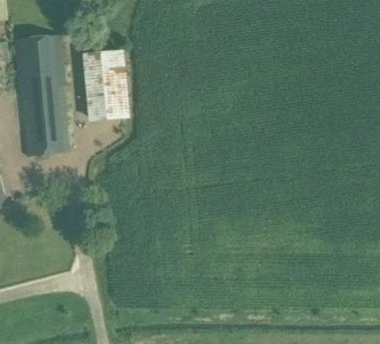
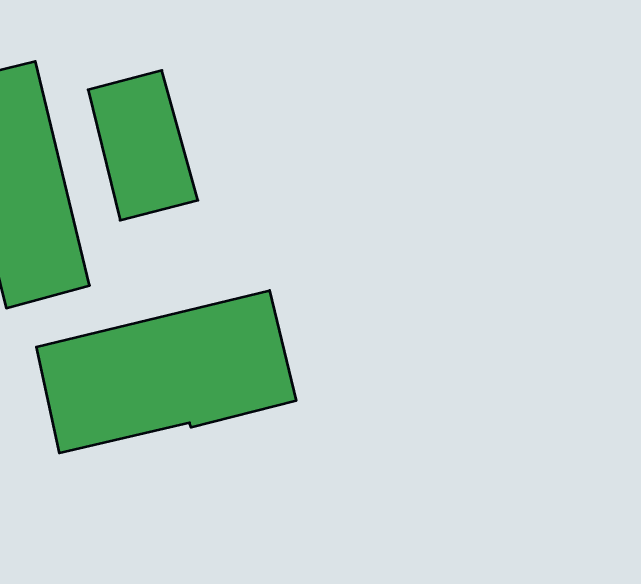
building: none -> [36,290,296,453]

